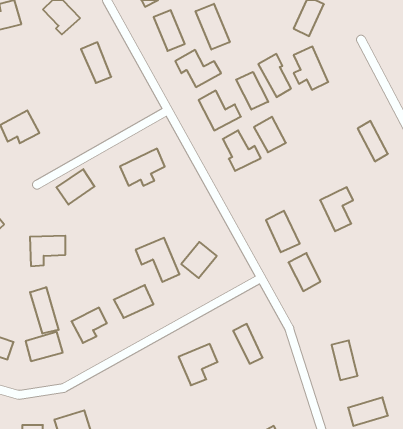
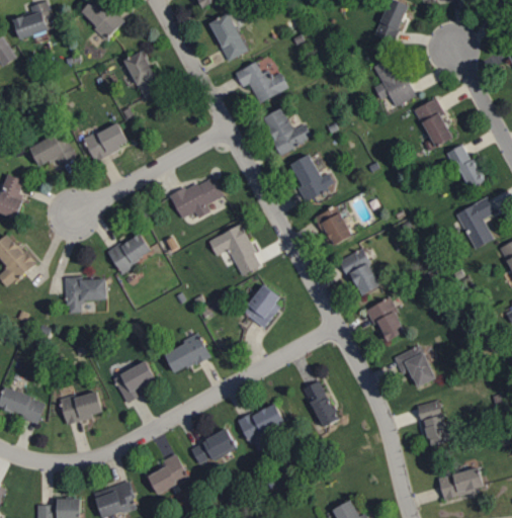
building: [196,4,230,50] -> none
building: [258,54,291,97] -> [414,97,452,148]
building: [236,72,268,110] -> none
building: none -> [83,122,129,161]
building: [254,117,286,152] -> [315,205,352,247]
building: [56,169,95,205] -> [107,232,152,273]
building: [320,187,353,231] -> [456,197,495,249]
building: [136,238,180,282] -> [208,225,260,276]
building: [30,287,59,334] -> none
building: none -> [394,345,435,387]
building: none -> [189,429,236,464]
building: none -> [148,453,189,495]

